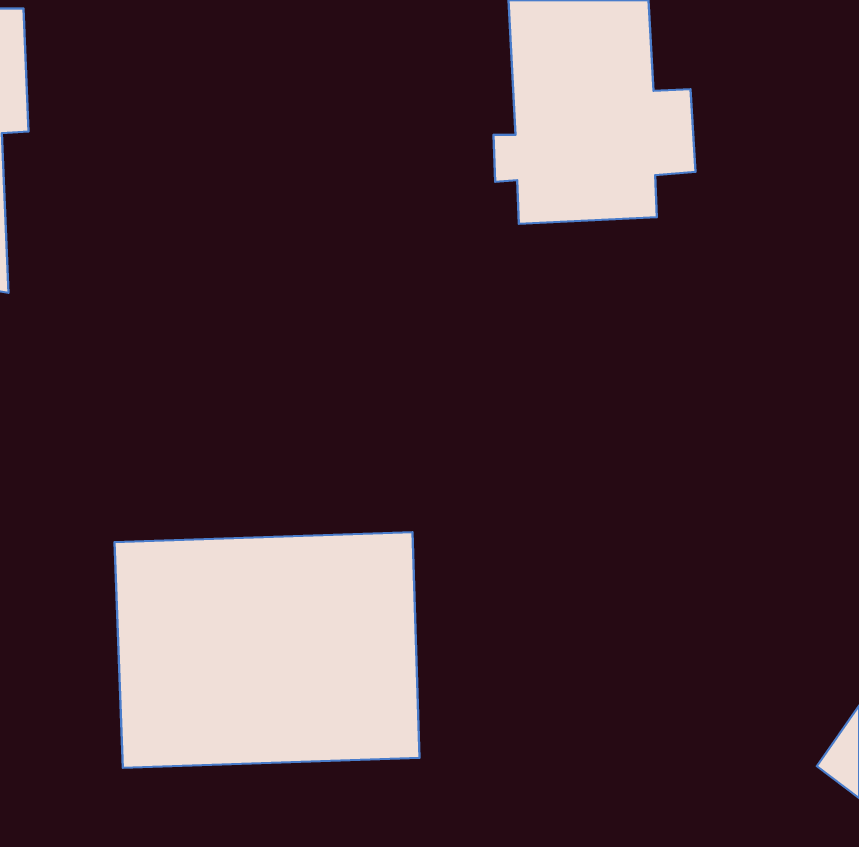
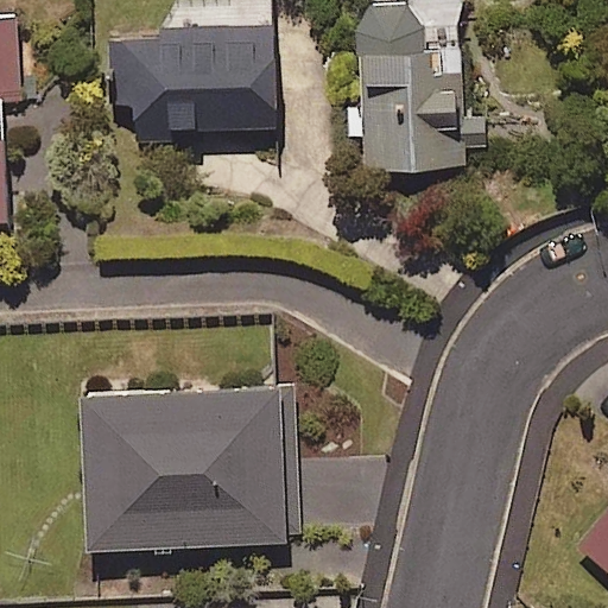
building: none -> [110,21,277,140]

